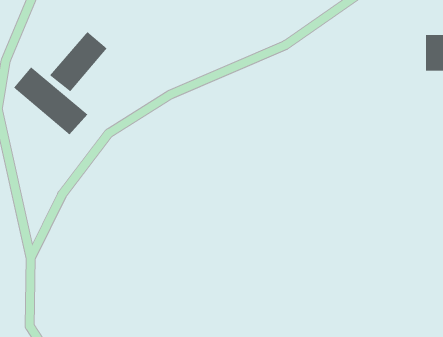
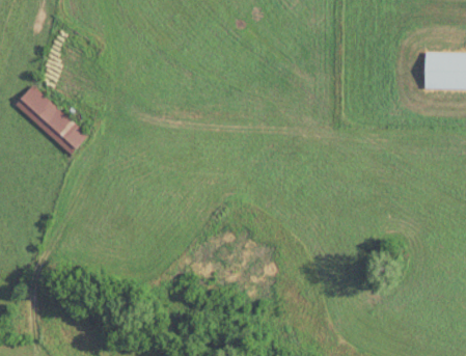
building: [49,31,108,92] -> none

